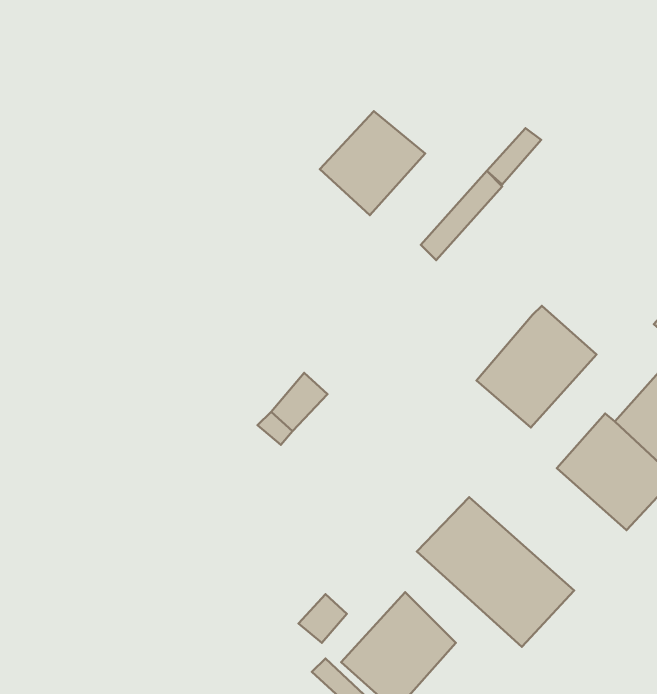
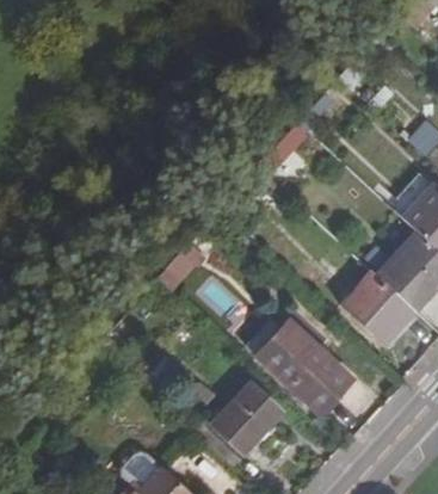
building: [320,111,425,215] -> none
building: [477,306,596,427] -> none

